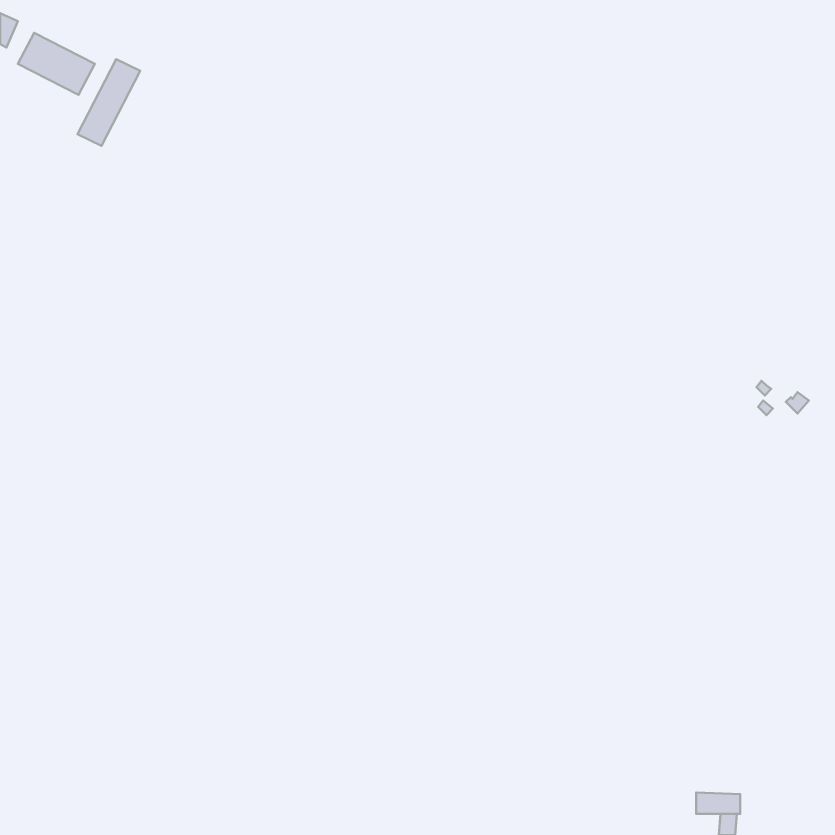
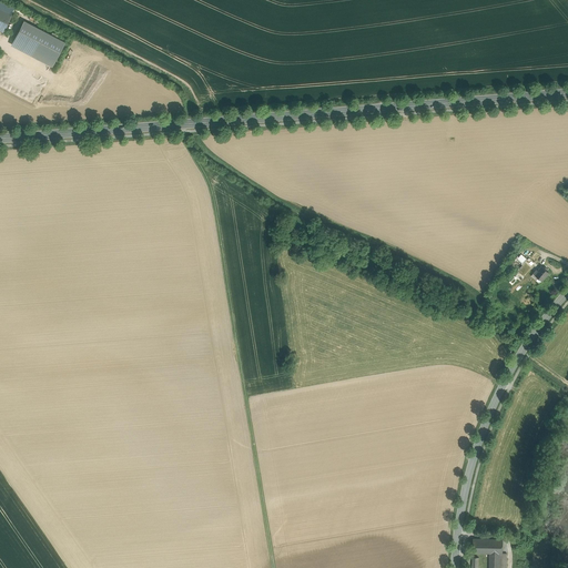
building: [78,59,140,146] -> none

